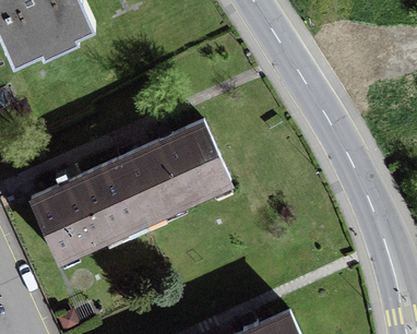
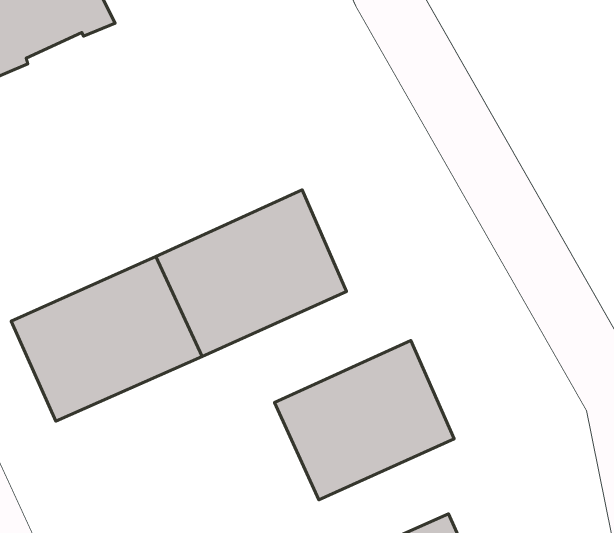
building: none -> [275,340,454,500]

